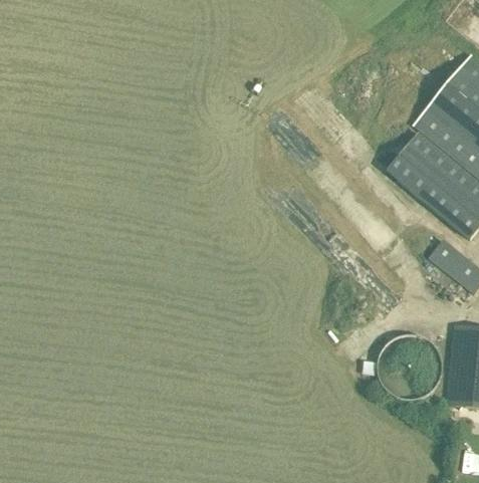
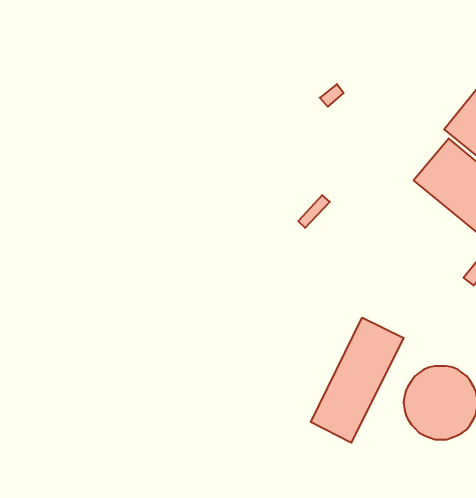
building: none -> [311,318,404,443]

